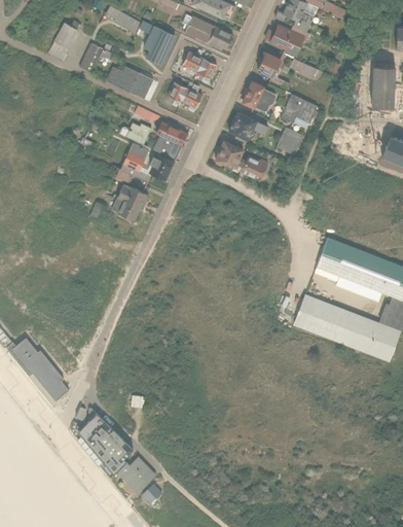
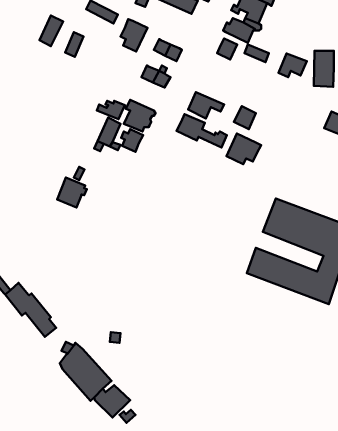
building: [183,13,234,50] -> none
building: [107,65,154,98] -> none
building: [237,80,271,110] -> none
building: [284,97,317,125] -> [279,53,307,77]
building: none -> [226,133,261,164]
building: [110,184,145,219] -> [57,178,87,208]

